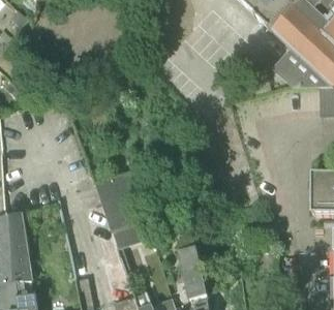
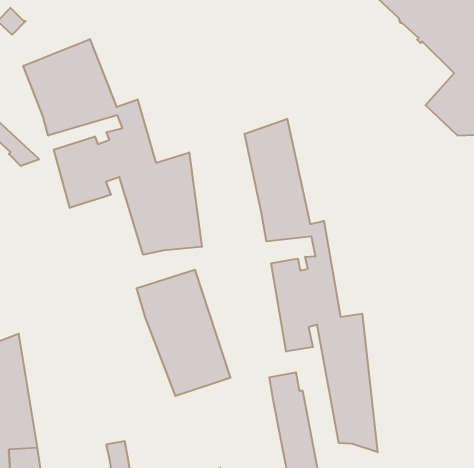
building: none -> [23,39,202,255]
building: none -> [245,119,378,452]

